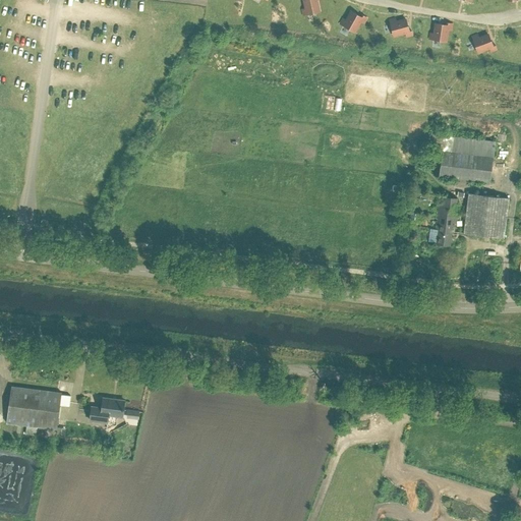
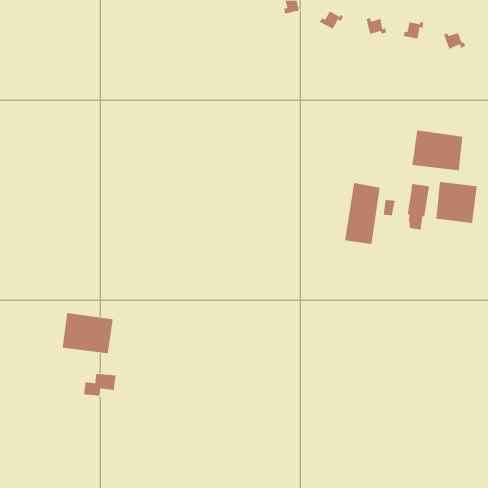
building: none -> [344,182,380,245]
building: [6,386,61,429] -> [62,313,113,354]

